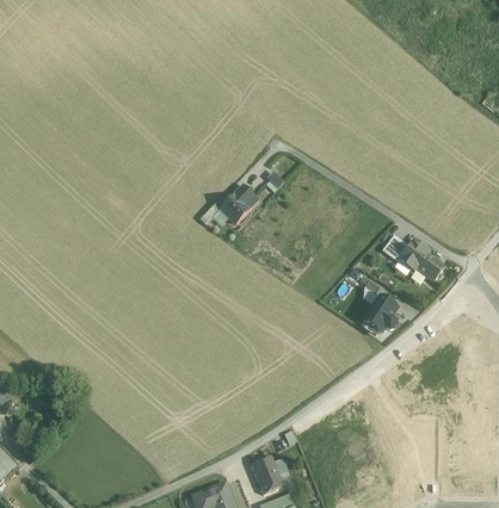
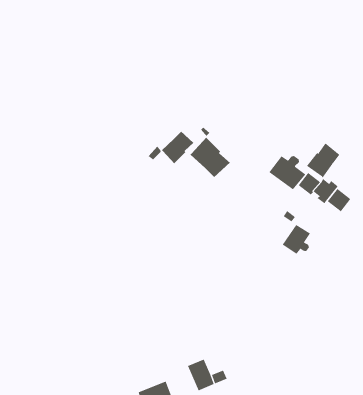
building: none -> [190,137,231,178]
building: none -> [306,142,340,178]
building: none -> [269,155,306,190]

